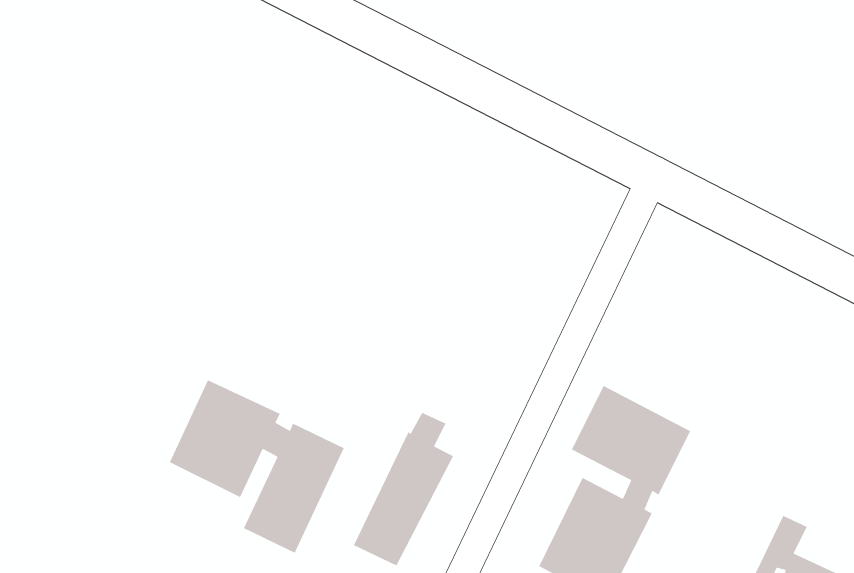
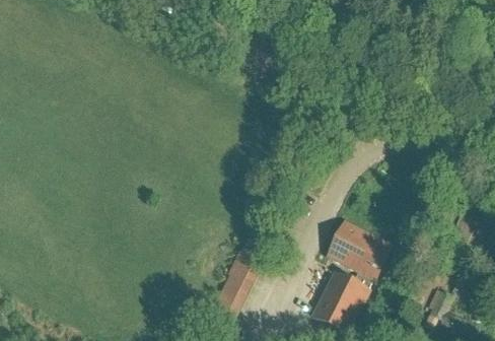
building: [169,379,345,554] -> none

